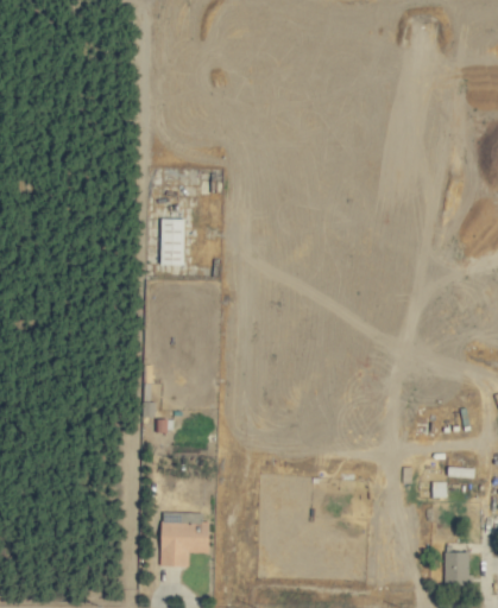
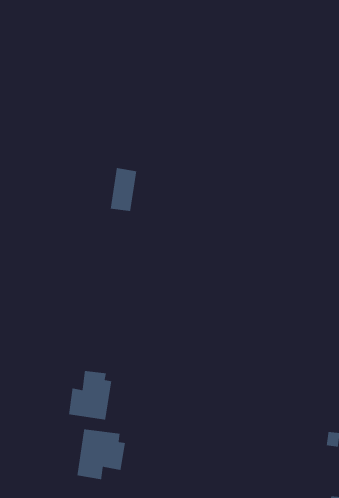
building: none -> [68,370,112,420]

